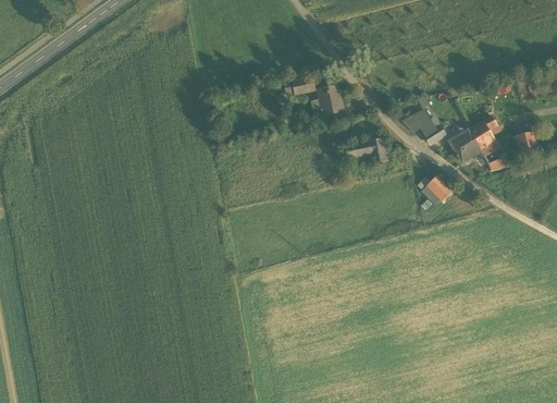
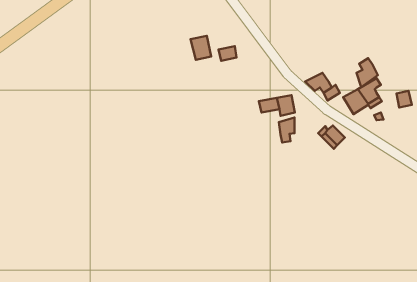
building: [317,84,343,114] -> [191,36,211,60]
building: none -> [357,58,378,87]
building: none -> [279,117,295,143]

